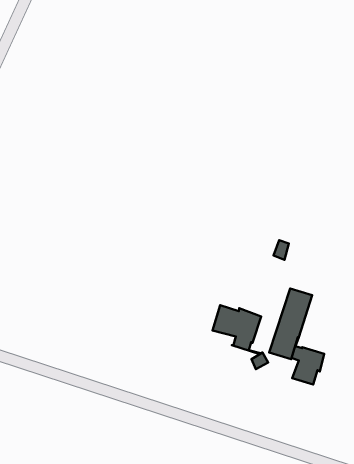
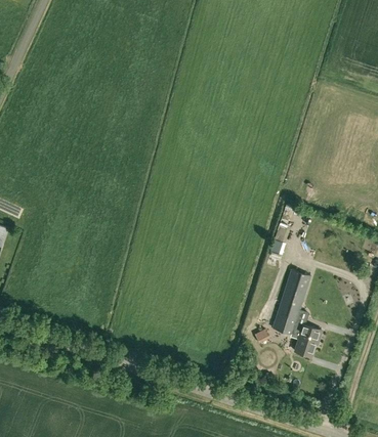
building: [213,305,261,354] -> none

